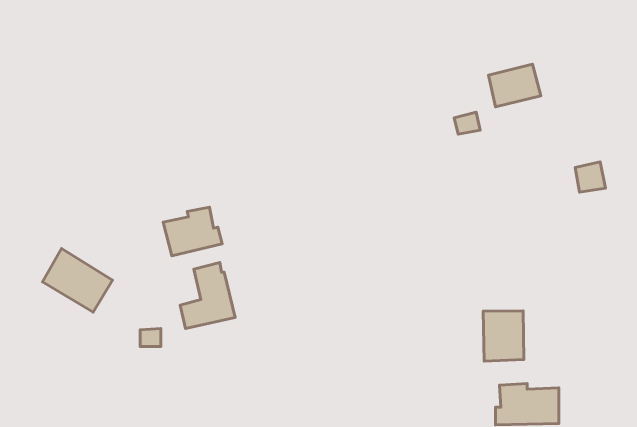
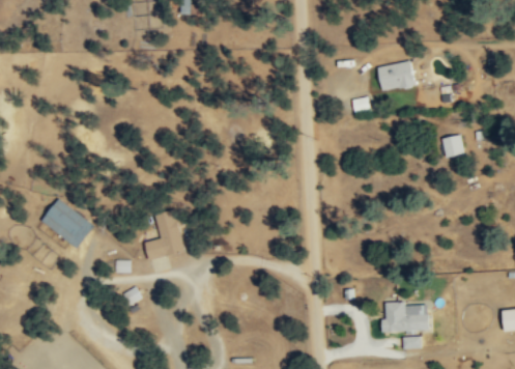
building: [163,207,222,256] -> none
building: [483,311,524,361] -> none

